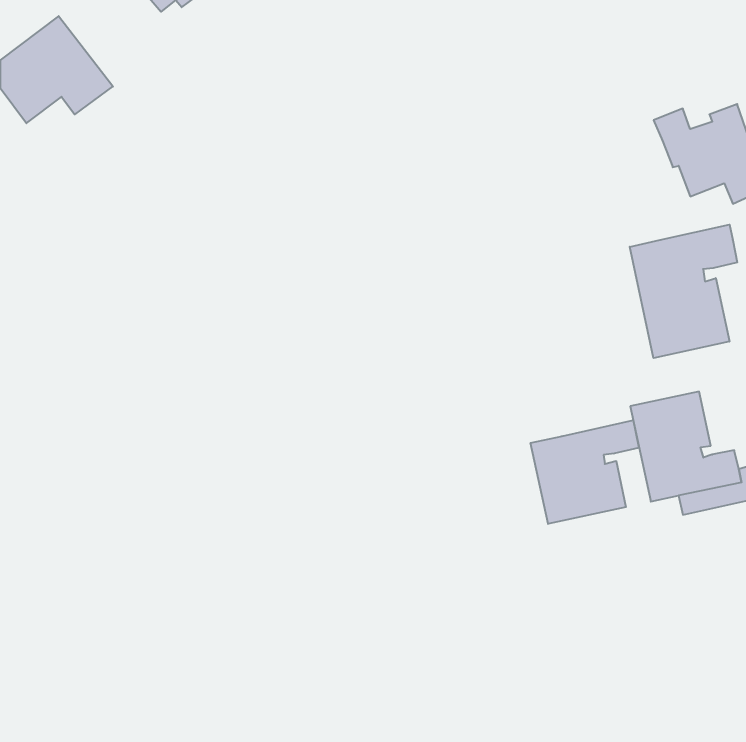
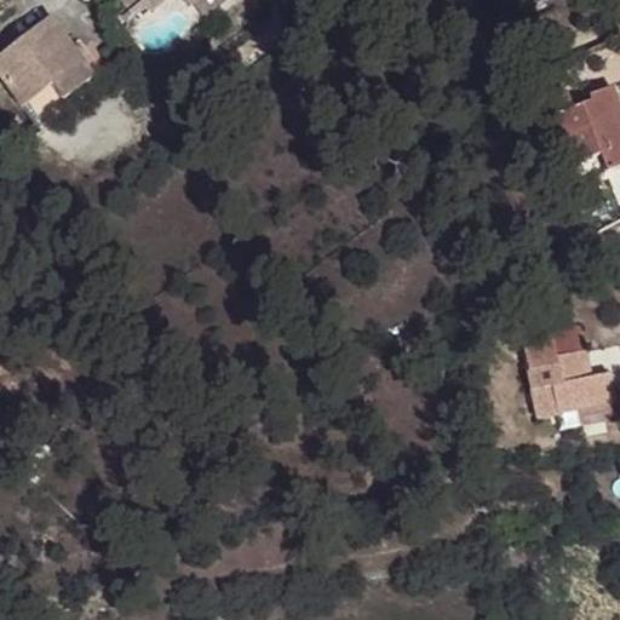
building: [630,225,737,358] -> none
building: [531,420,639,524] -> none

